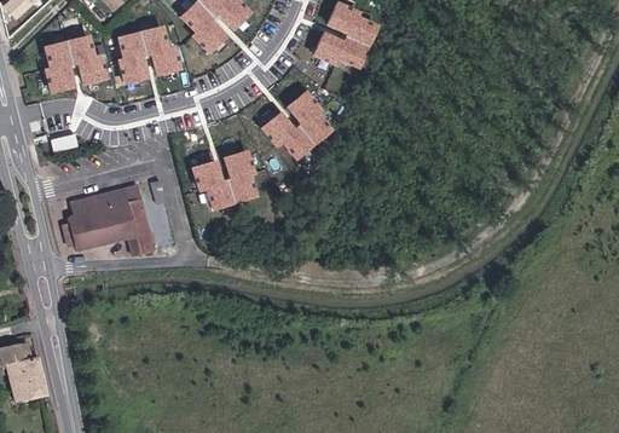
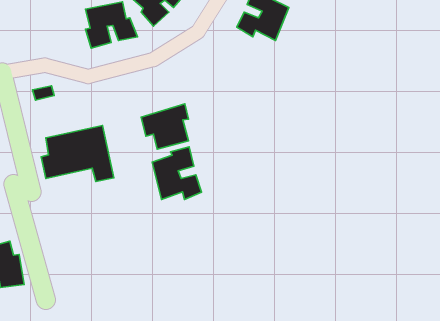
building: [45,33,110,91] -> none
building: [259,93,329,161] -> none
building: none -> [152,147,202,200]

